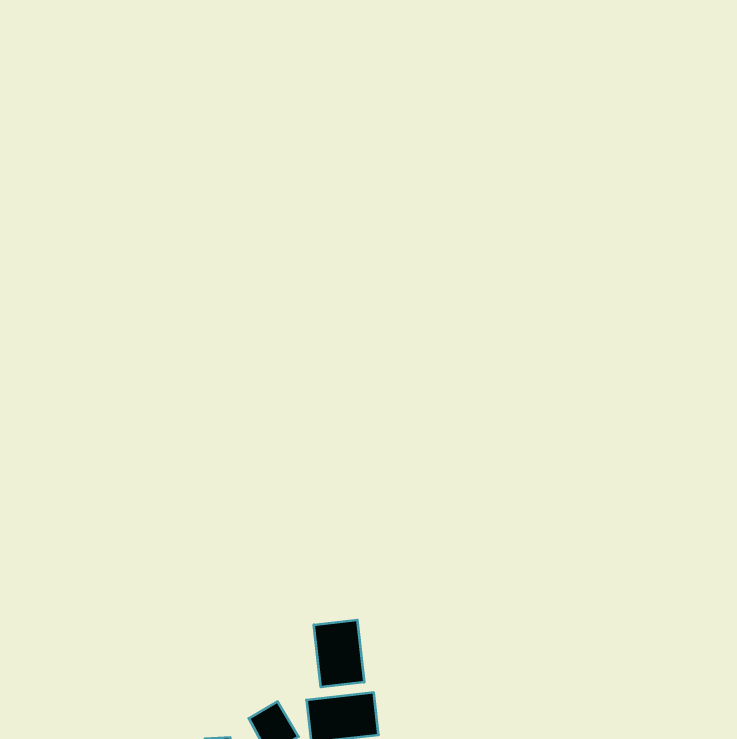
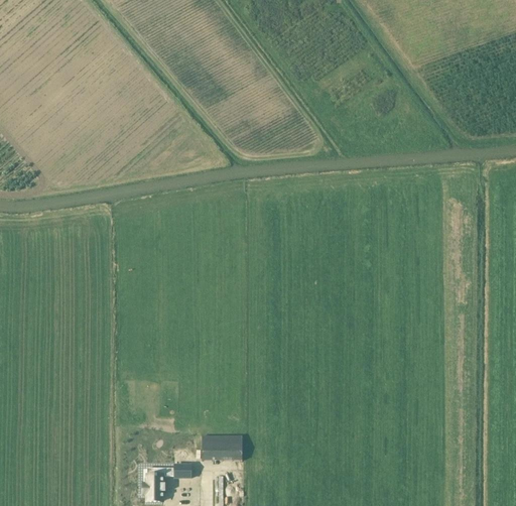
building: [314,620,364,687] -> none

